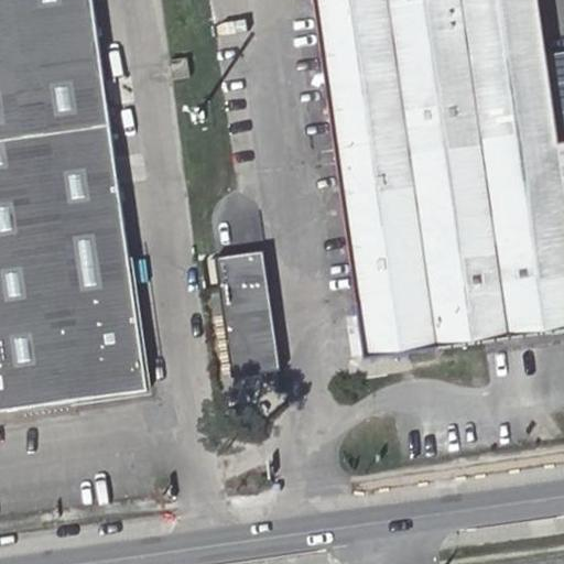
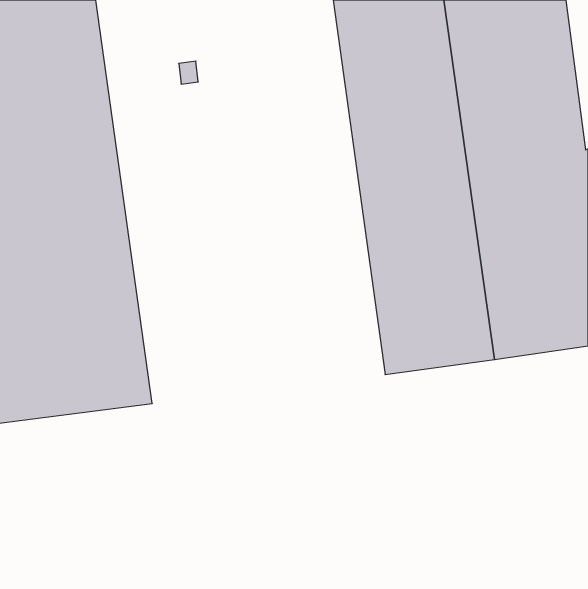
building: [215,249,281,376] -> none

